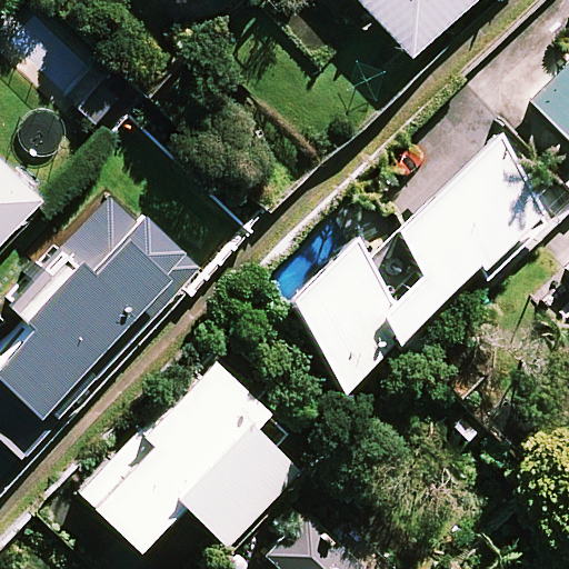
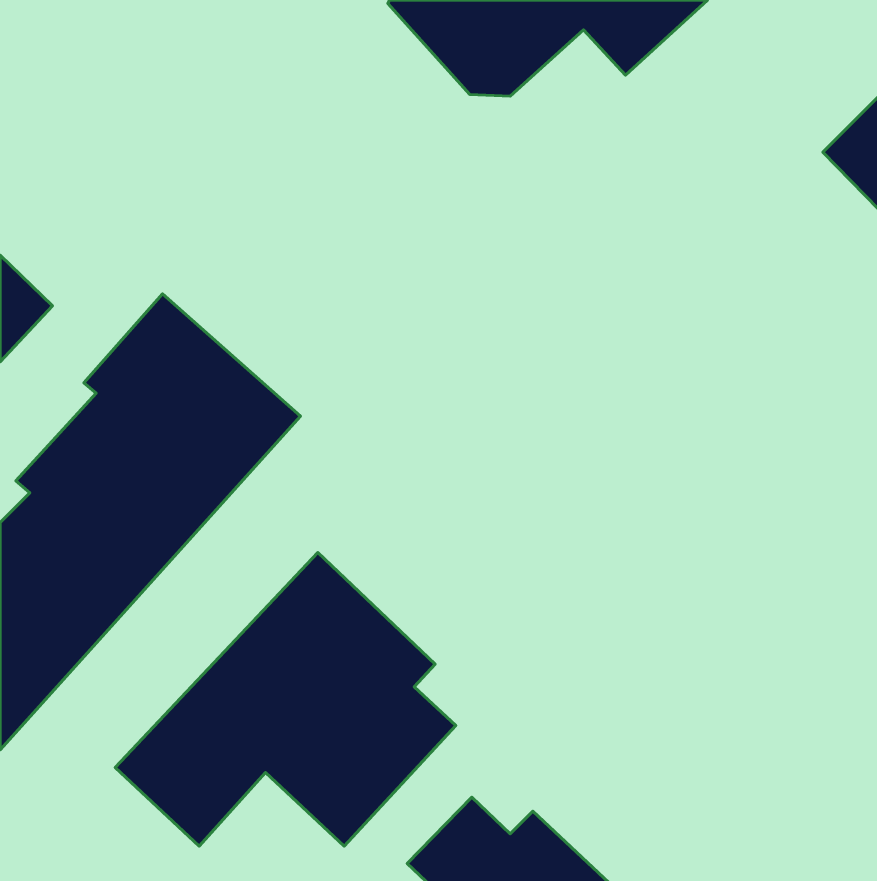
building: [287,129,542,386] -> none

